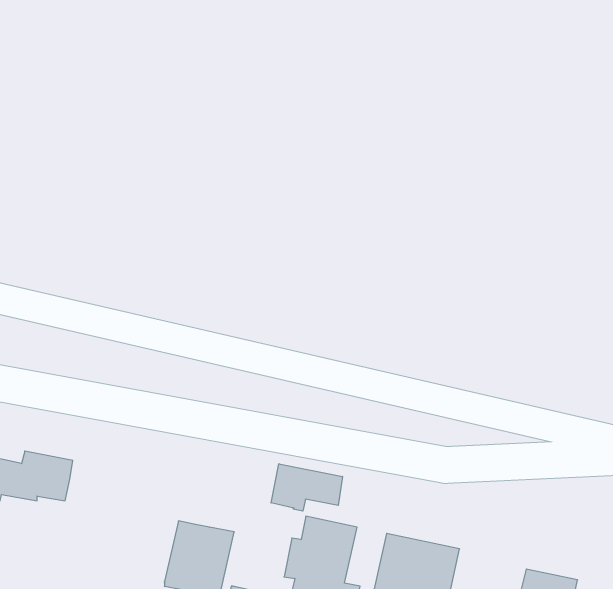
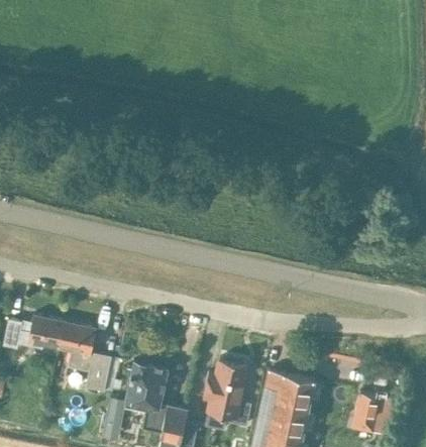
building: none -> [60,322,118,393]
building: [271,464,342,511] -> none

